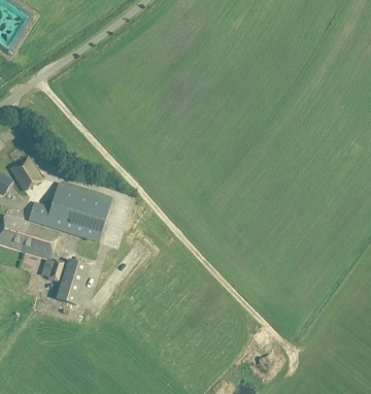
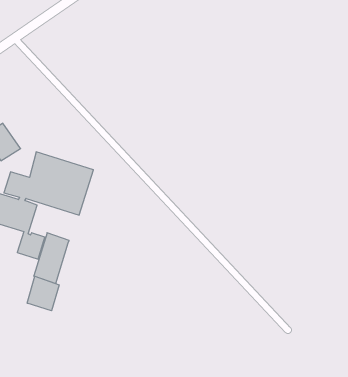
building: none -> [27,276,59,311]

